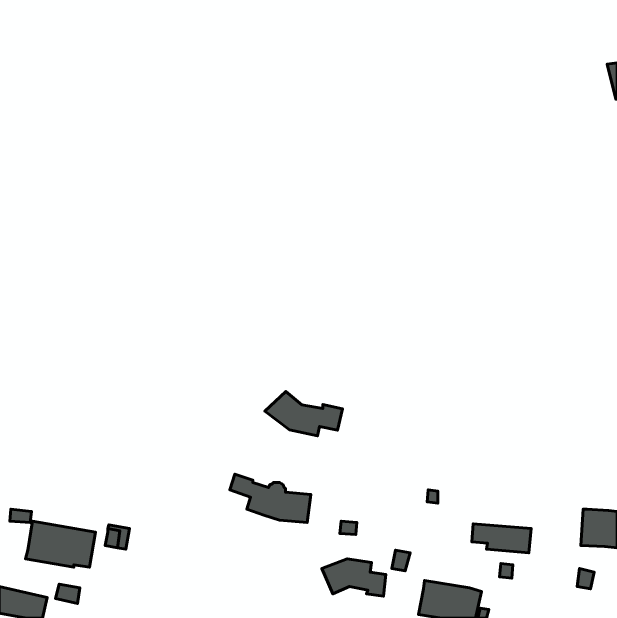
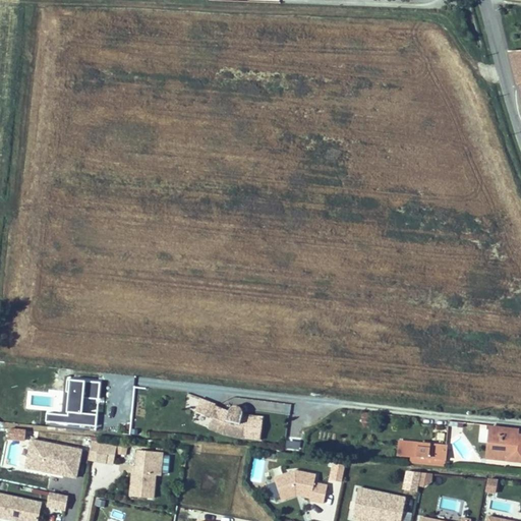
building: [265,391,342,436] -> none
building: none -> [47,382,97,425]
building: none -> [130,451,162,496]

